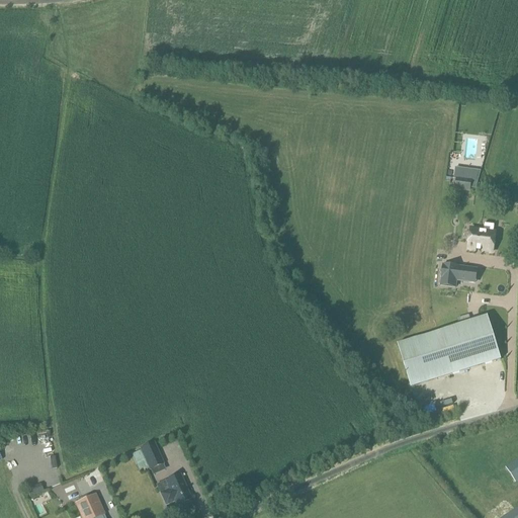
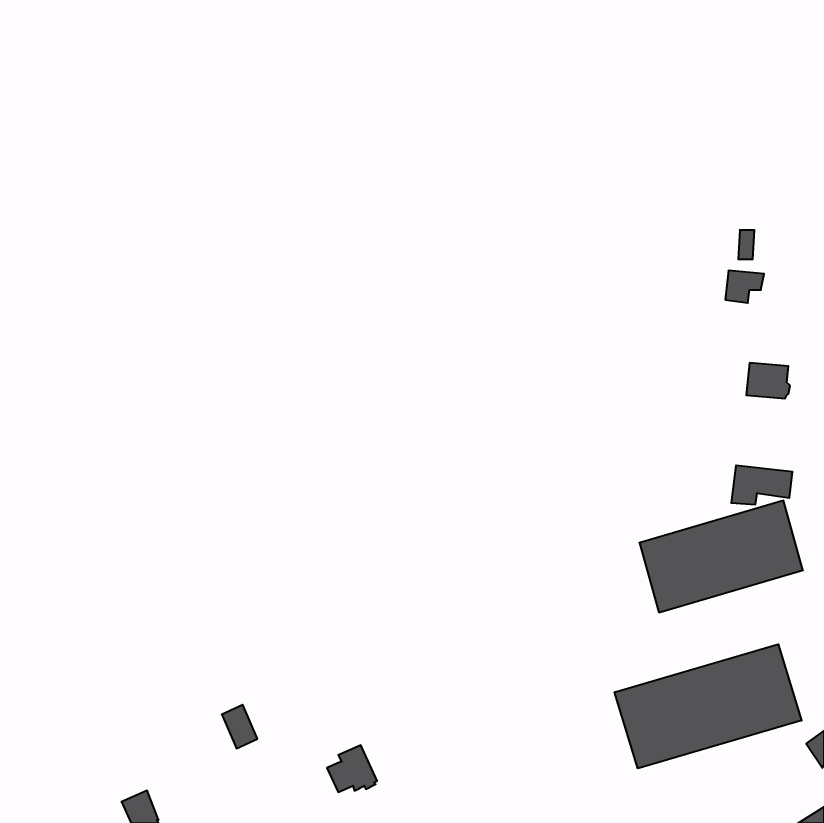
building: [437,265,476,289] -> [731,465,793,504]
building: none -> [615,644,802,768]
building: [157,472,188,502] -> [327,745,377,792]

